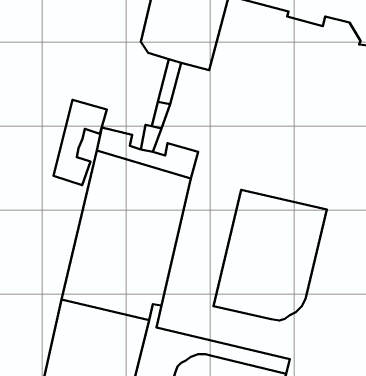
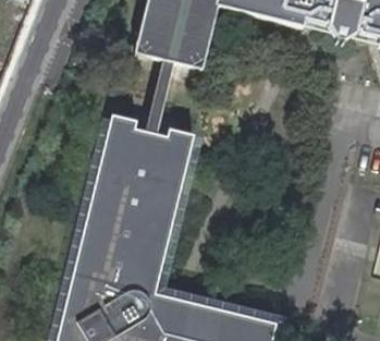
building: [54,100,107,185] -> none
building: [214,190,327,321] -> none

